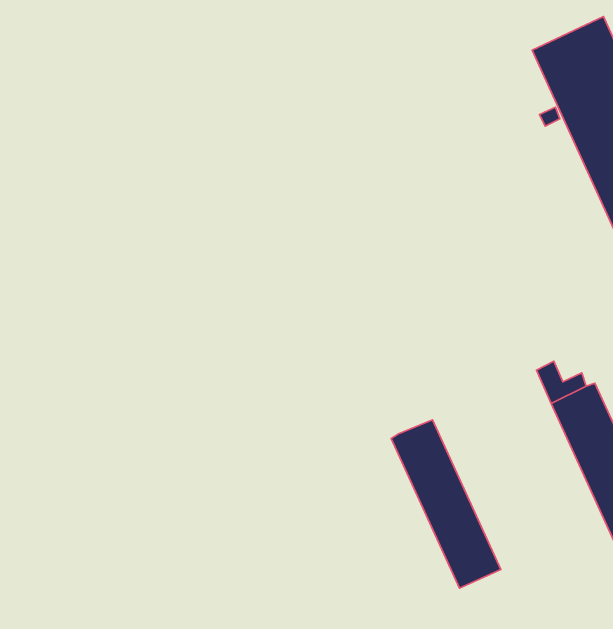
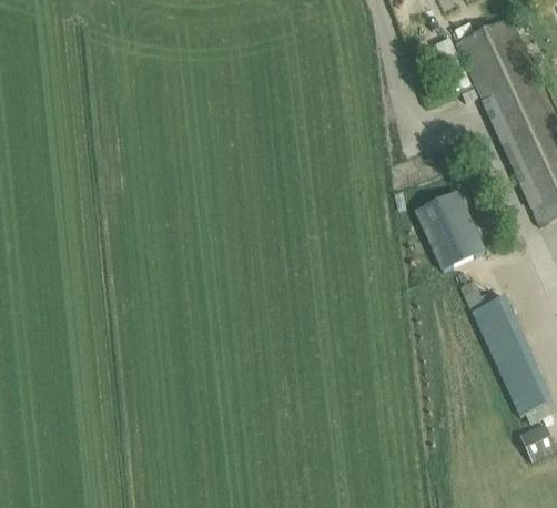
building: none -> [415,190,483,268]
building: [391,420,501,588] -> none

